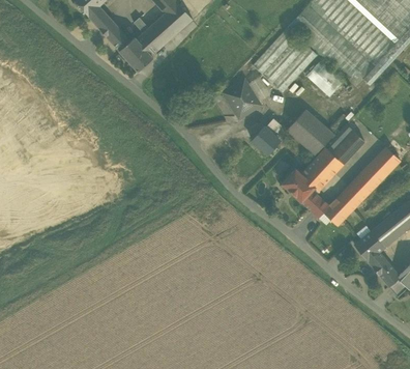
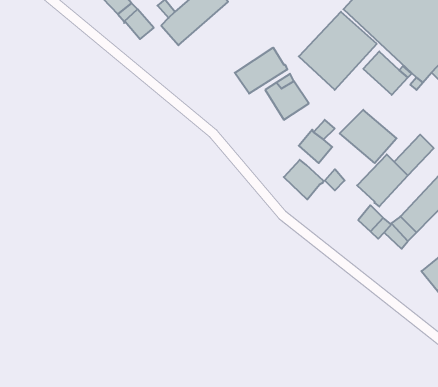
building: [119,37,153,73] -> none
building: none -> [235,48,287,94]
building: [282,169,315,202] -> [284,160,323,199]

